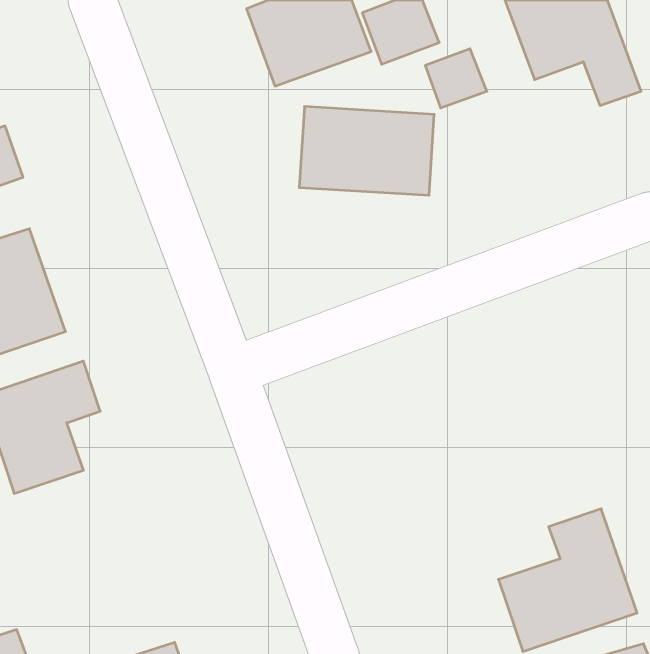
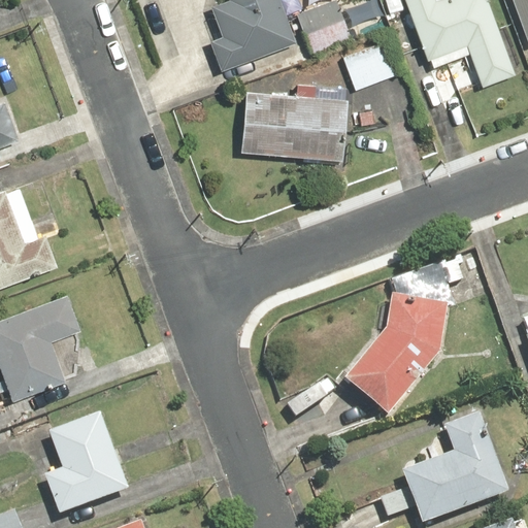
building: none -> [341,253,475,418]
building: none -> [41,407,131,518]

